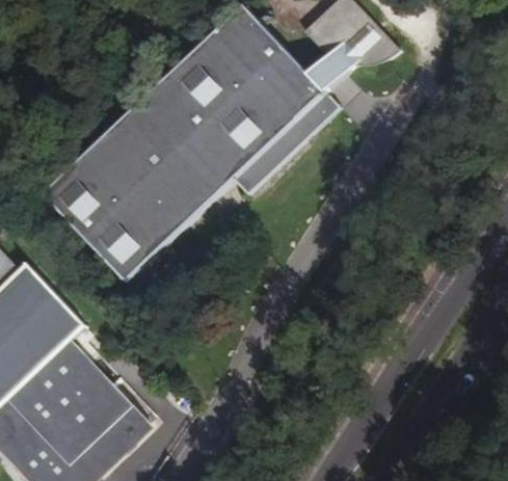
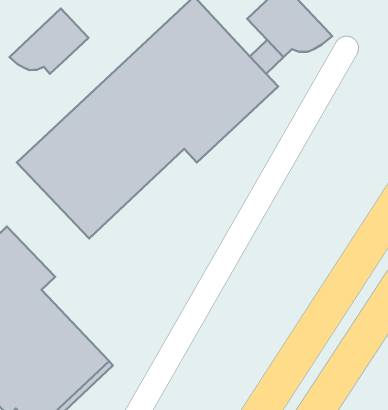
building: none -> [10,8,88,74]

